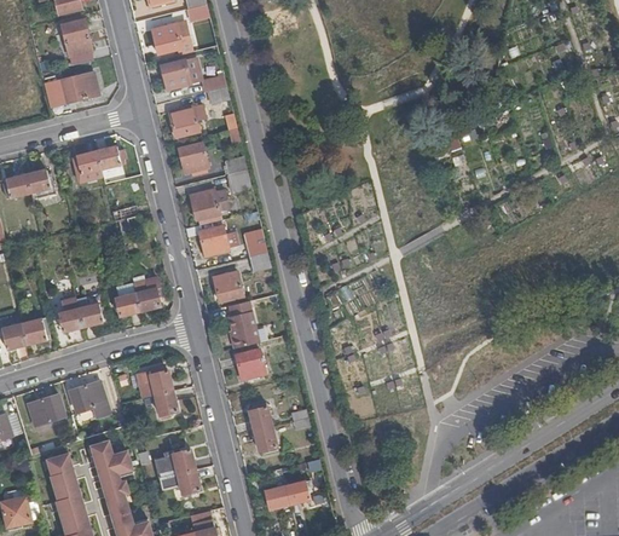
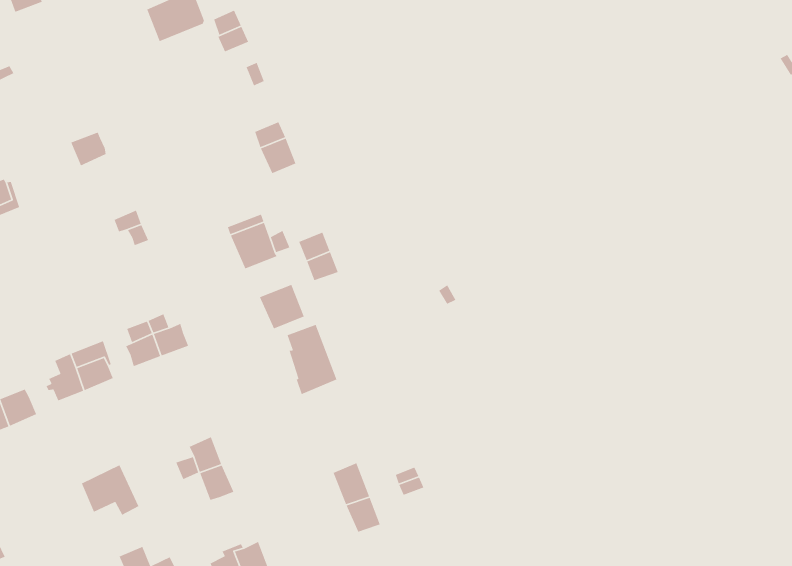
building: [63,70,99,100] -> none
building: [169,104,207,136] -> none
building: [178,143,208,173] -> none
building: [74,151,102,181] -> none
building: [190,189,228,219] -> none
building: [236,350,266,380] -> none
building: [28,394,65,426] -> none

